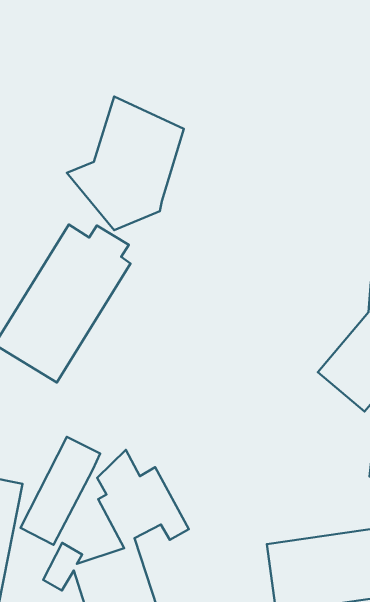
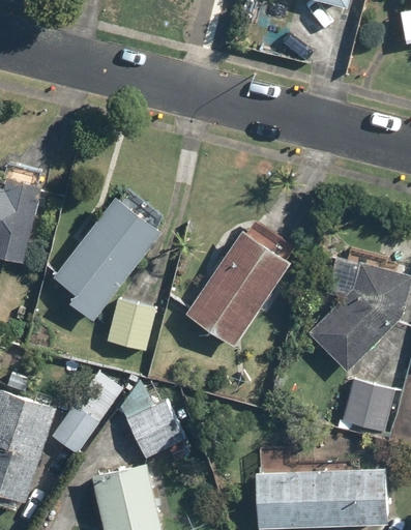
building: [67,96,184,230] -> none
building: none -> [186,224,300,347]
building: none -> [106,299,156,352]

